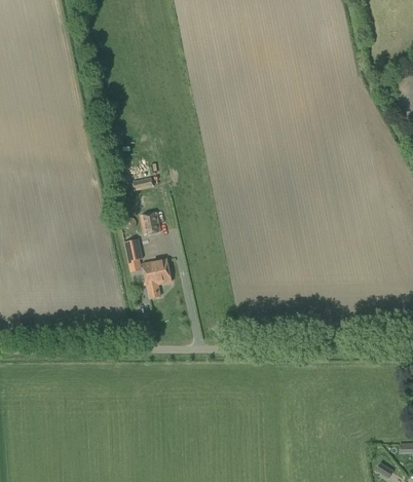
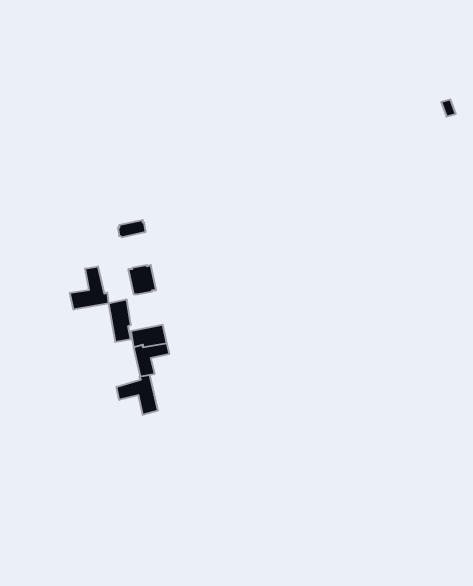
building: none -> [70,266,108,310]
building: none -> [117,375,158,415]

